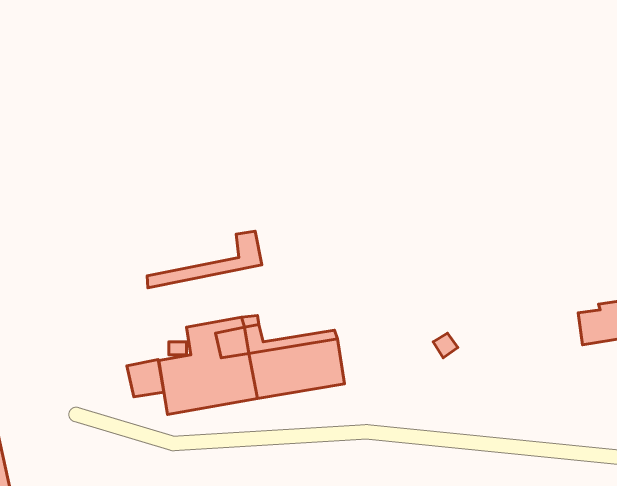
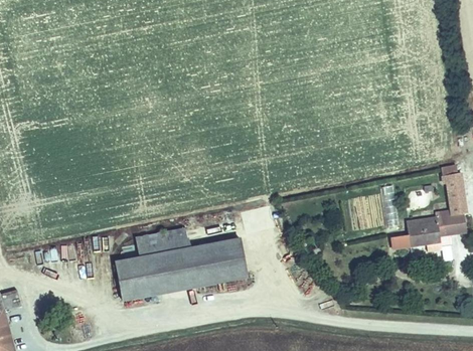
building: [147,231,262,288] -> none
building: [127,359,164,397] -> none

